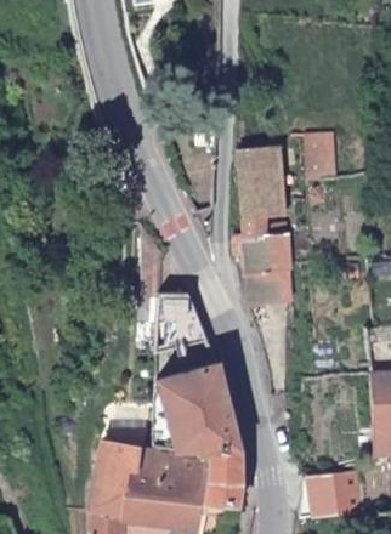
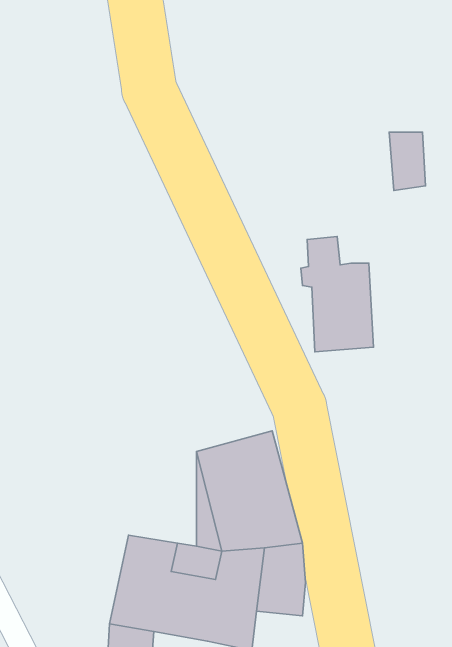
building: [240,147,287,217] -> none
building: [159,292,208,352] -> none
building: [301,466,342,518] -> none

